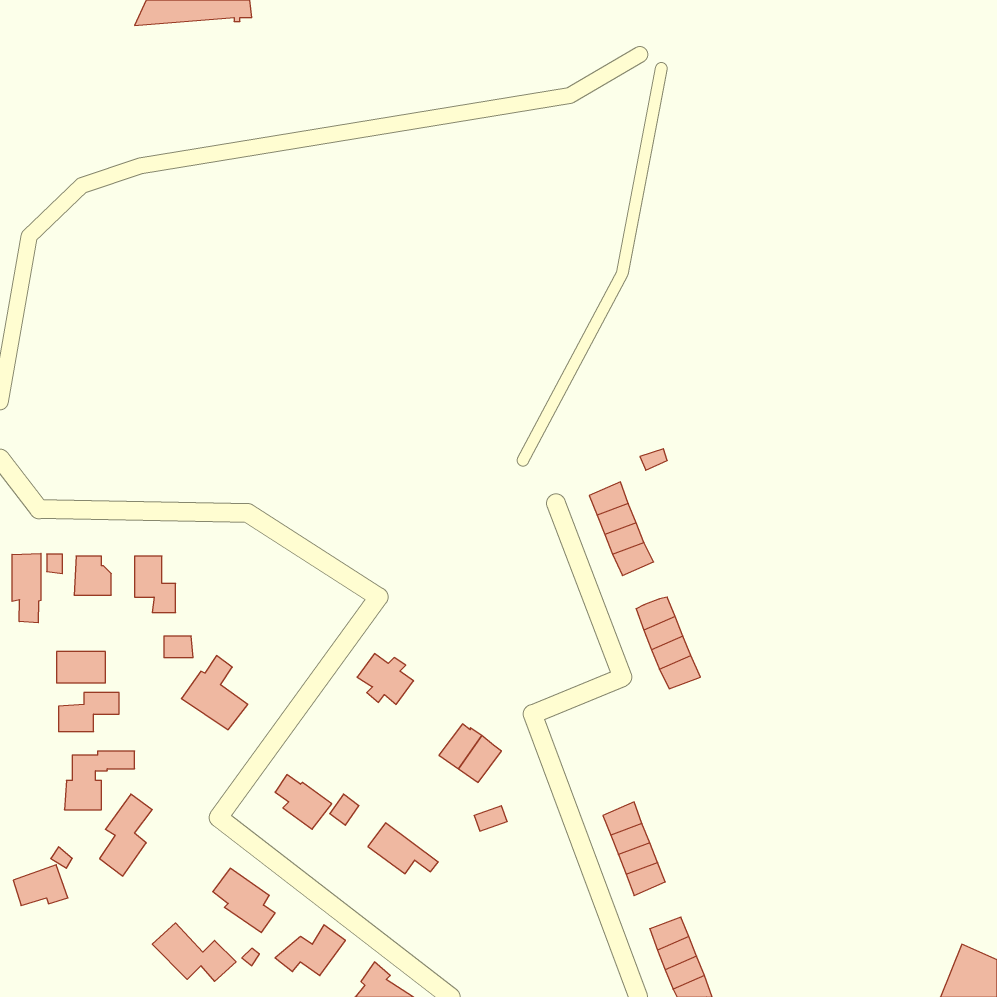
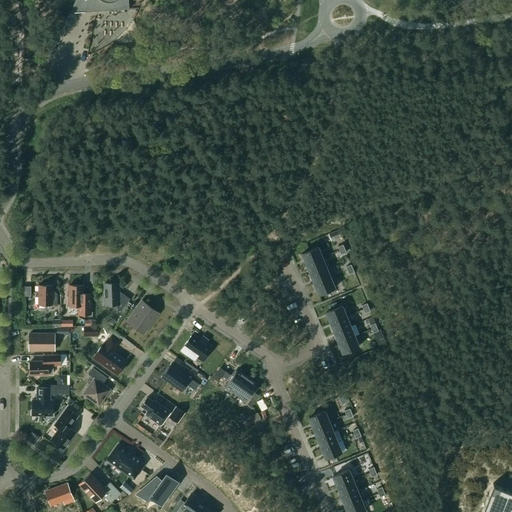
building: [12,553,41,623] -> none
building: none -> [102,284,130,311]
building: none -> [129,301,156,333]
building: none -> [82,368,110,406]
building: [368,823,438,874] -> [163,363,199,389]
building: [13,865,68,906] -> [46,484,74,505]

